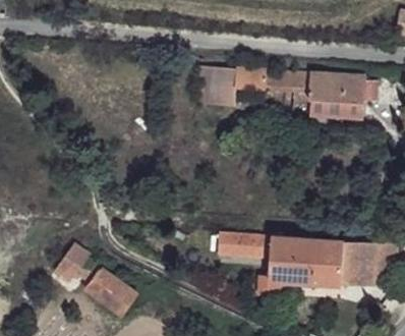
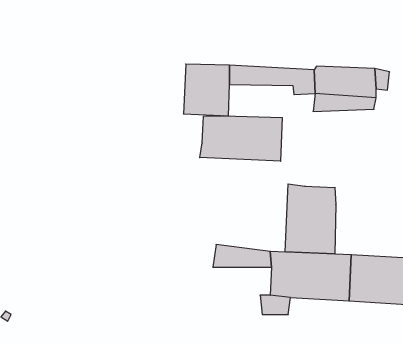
building: none -> [200,116,282,161]
building: none -> [285,184,336,254]
building: [55,248,135,313] -> none

